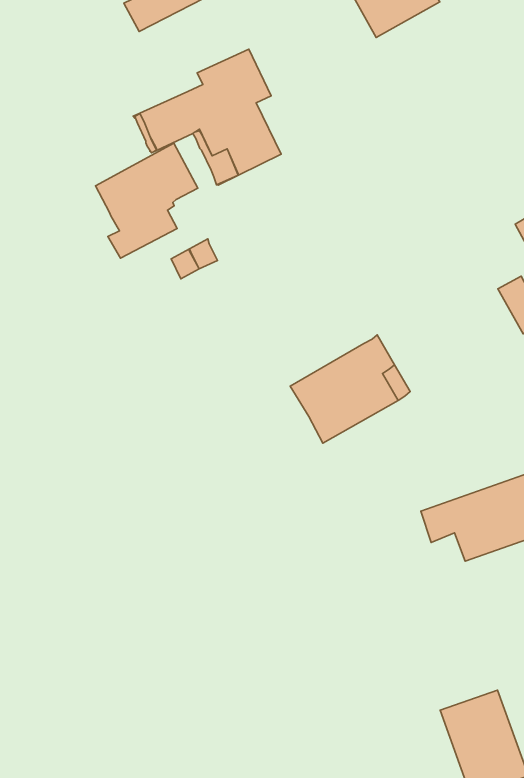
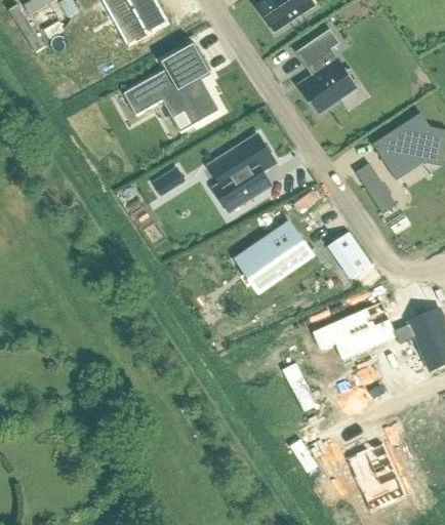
building: none -> [298,30,356,114]
building: [95,143,198,258] -> [208,134,274,210]
building: none -> [328,232,371,278]

